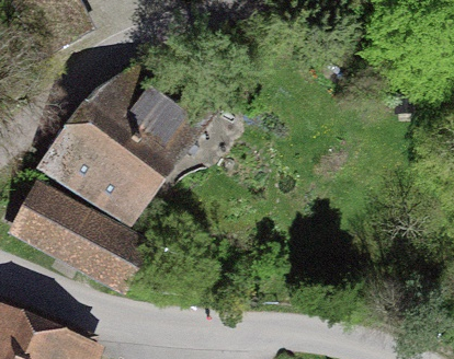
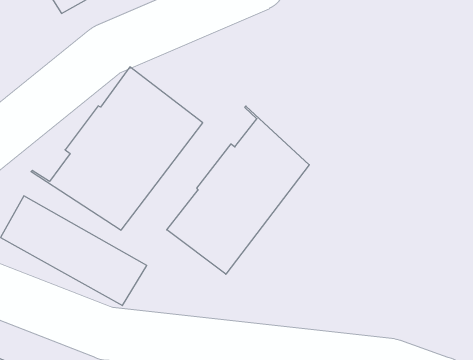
building: none -> [167,106,309,274]

